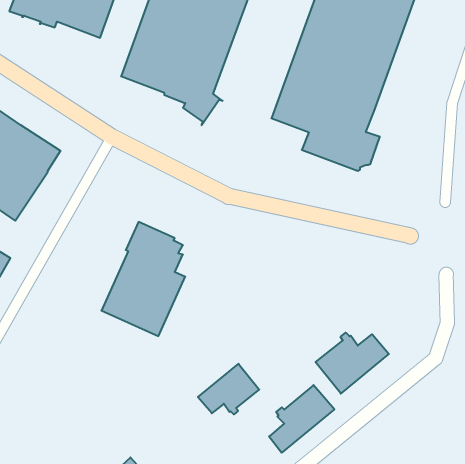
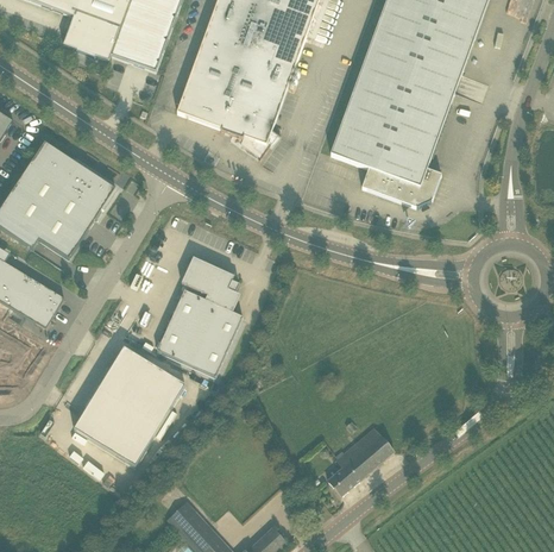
building: none -> [74,349,185,468]
building: [316,333,389,394] -> none
building: [198,364,259,414] -> none

